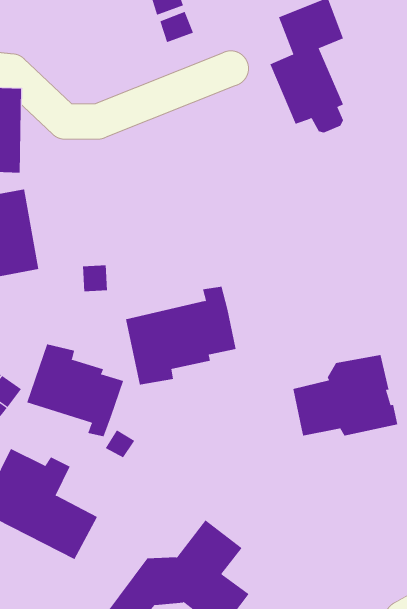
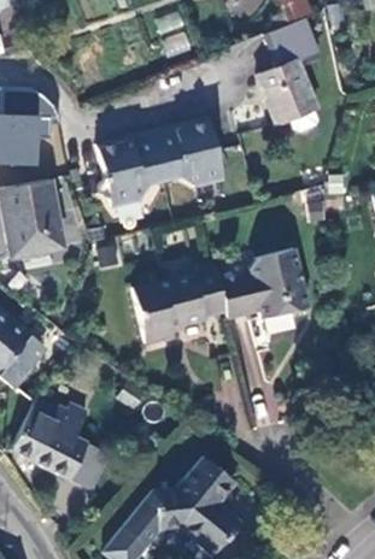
building: none -> [102,117,229,201]
building: [27,343,124,437] -> none
building: [292,354,398,436] -> [221,252,310,320]

